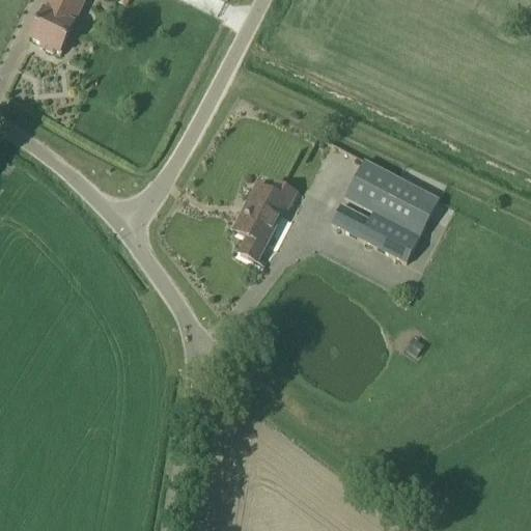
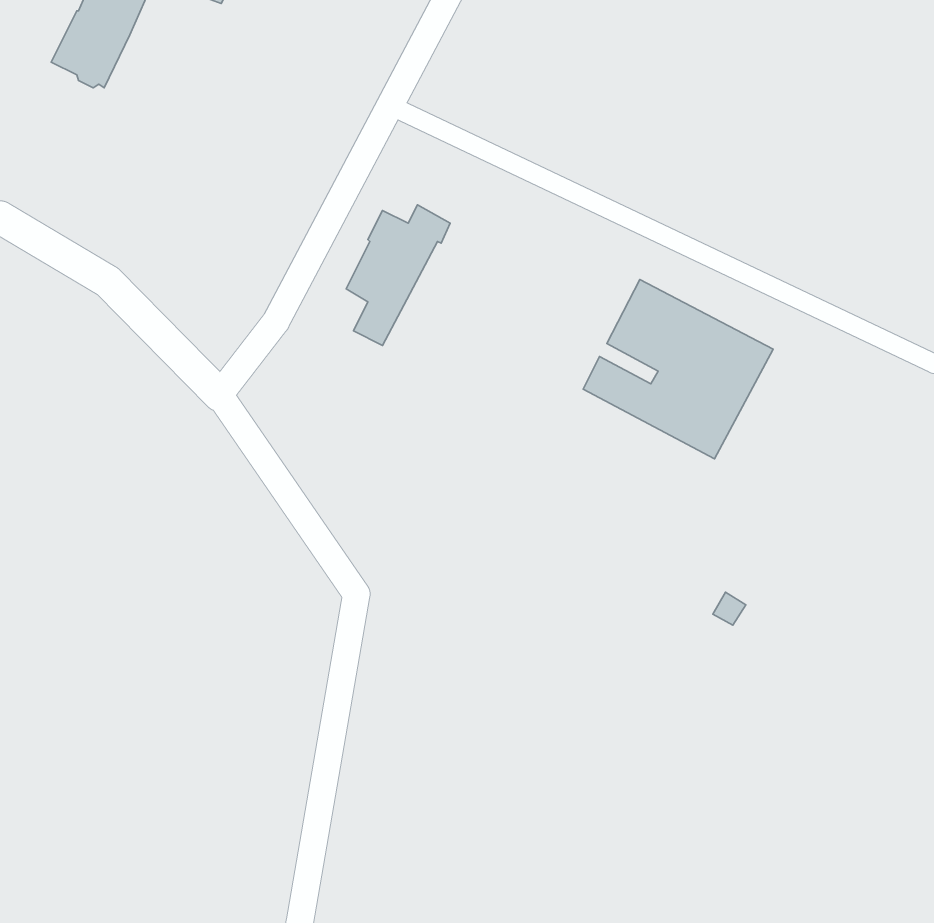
building: [235,179,295,259] -> [346,205,450,346]

